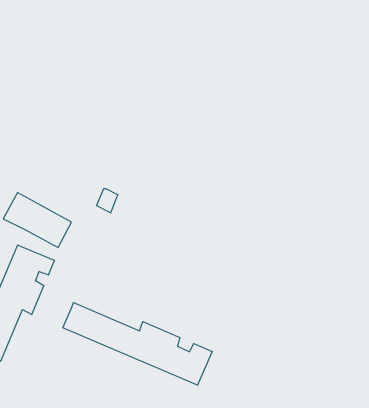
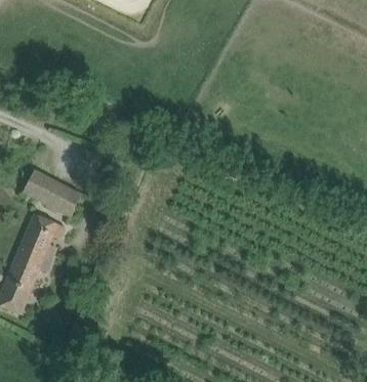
building: [63,302,212,385] -> none

